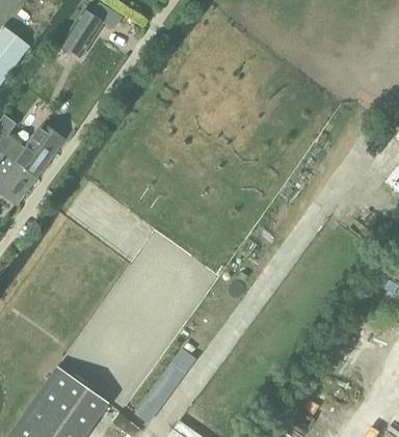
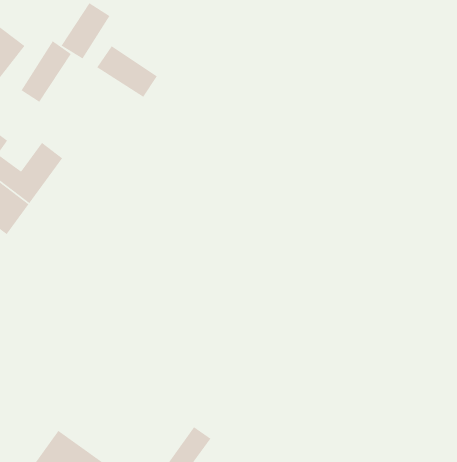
building: none -> [20,40,72,103]
building: none -> [96,45,158,98]

